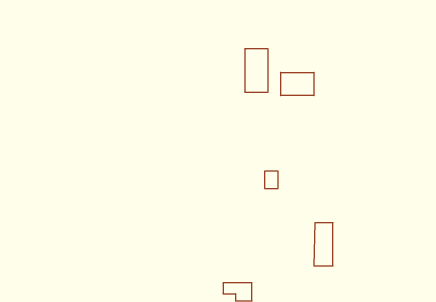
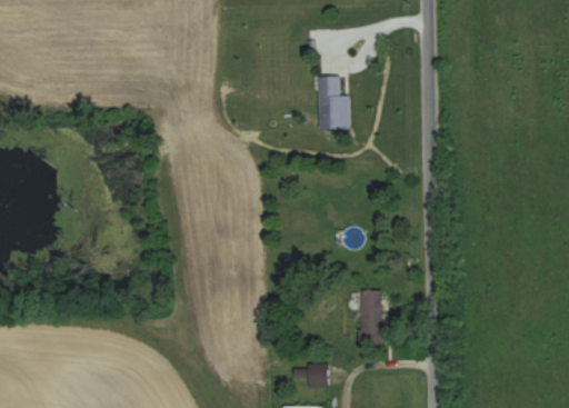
building: [281,72,314,96] -> none
building: [314,223,333,266] -> [359,290,382,344]

